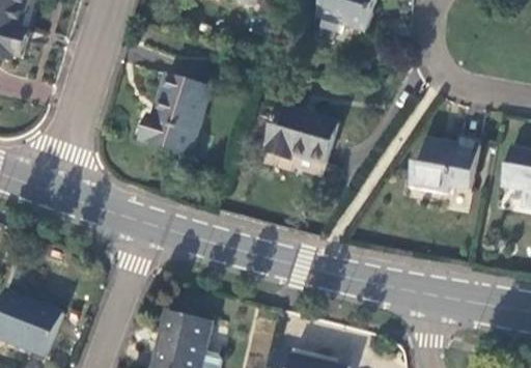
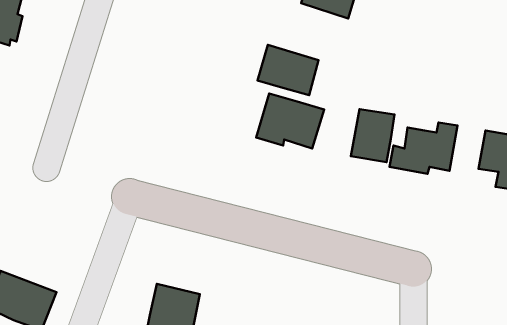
building: none -> [257,45,318,95]
building: [141,74,209,151] -> none
building: none -> [351,109,394,162]

